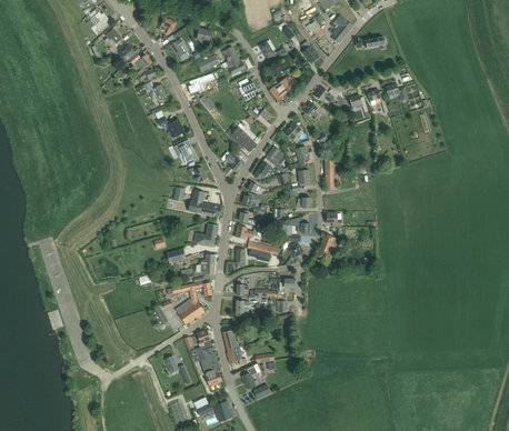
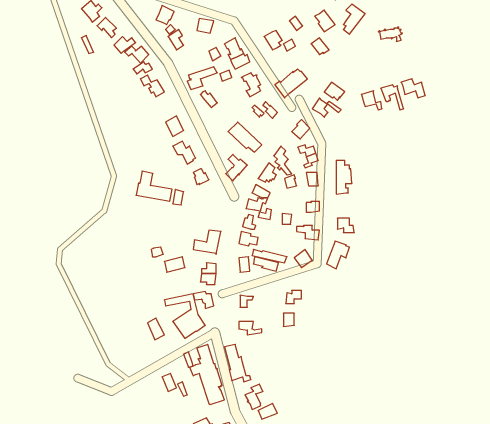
building: [189,190,222,218] -> [136,171,172,201]

